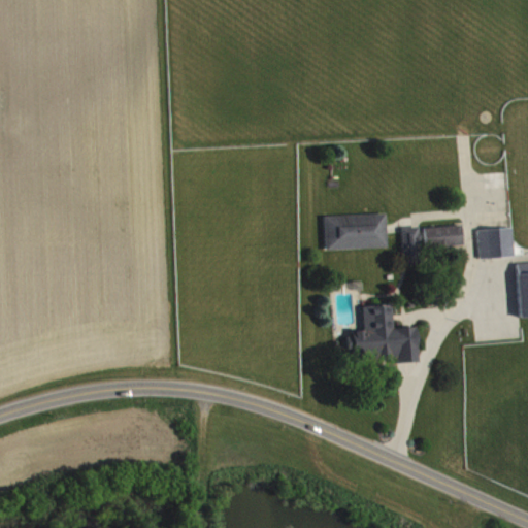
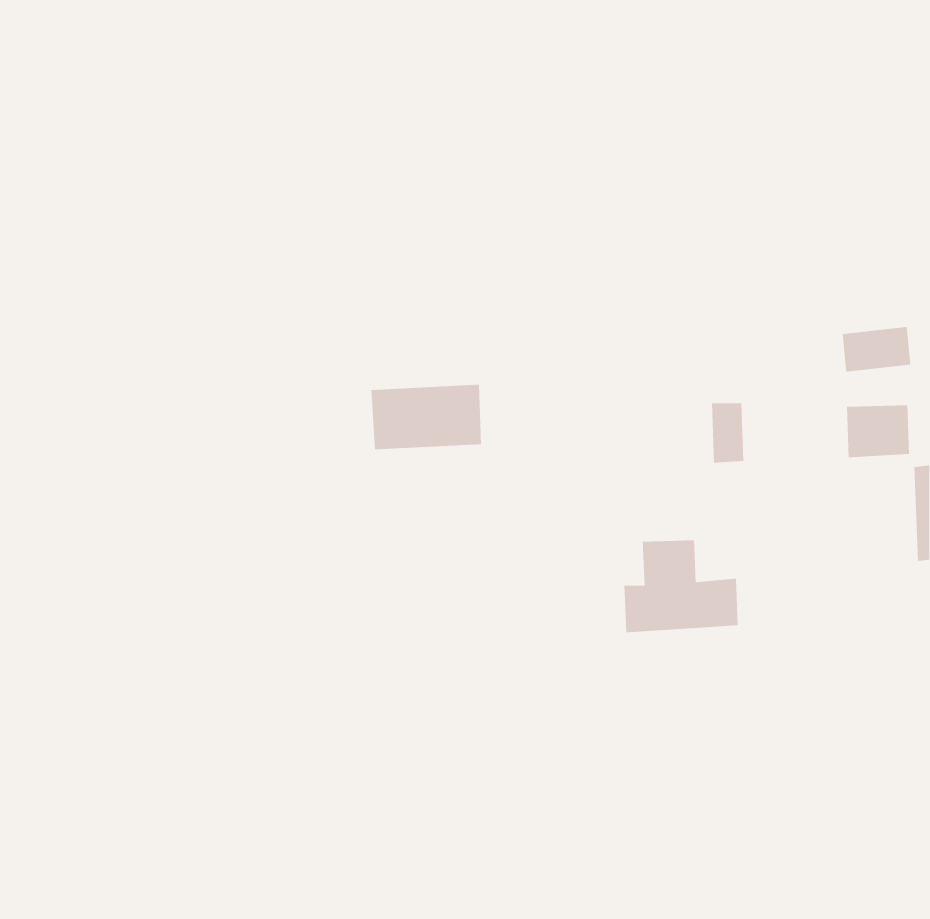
building: [324,213,387,251] -> [371,384,482,450]
building: [425,224,464,250] -> [842,327,911,372]

